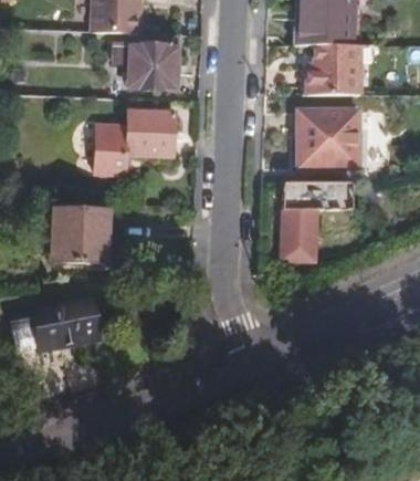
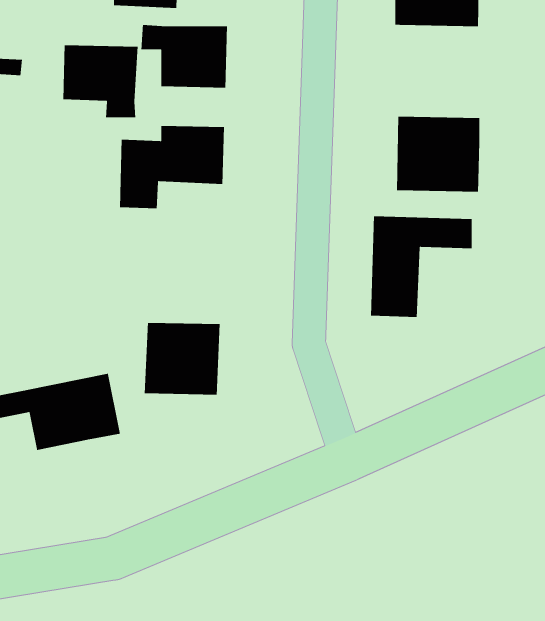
building: [301,43,358,94] -> none
building: none -> [62,44,138,118]
building: [52,210,107,263] -> [144,322,220,396]

